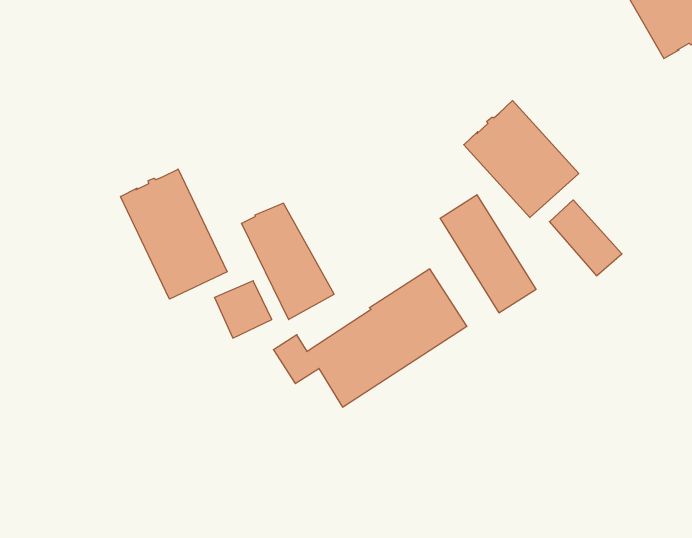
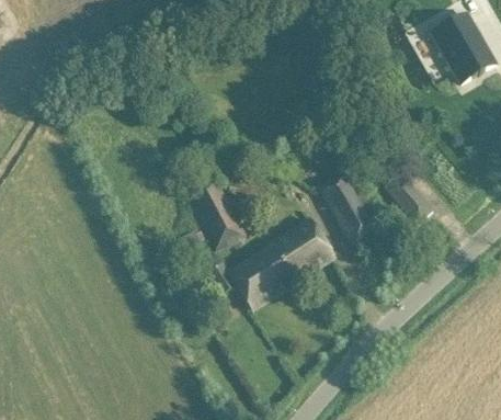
building: [464,101,579,218] -> none
building: [121,169,227,299] -> none

